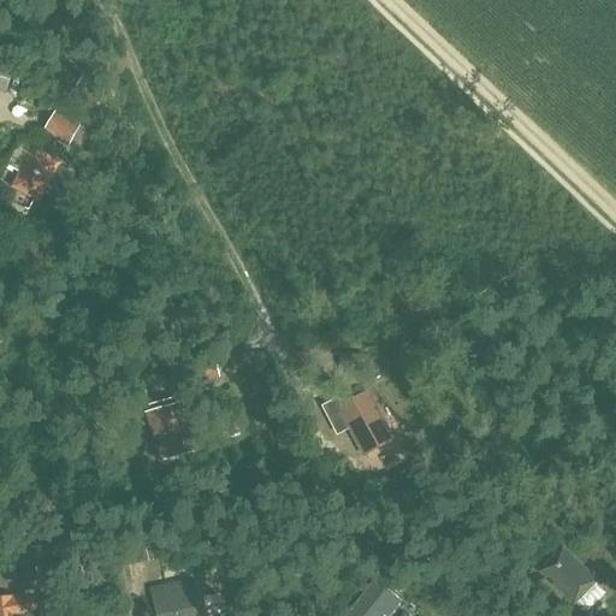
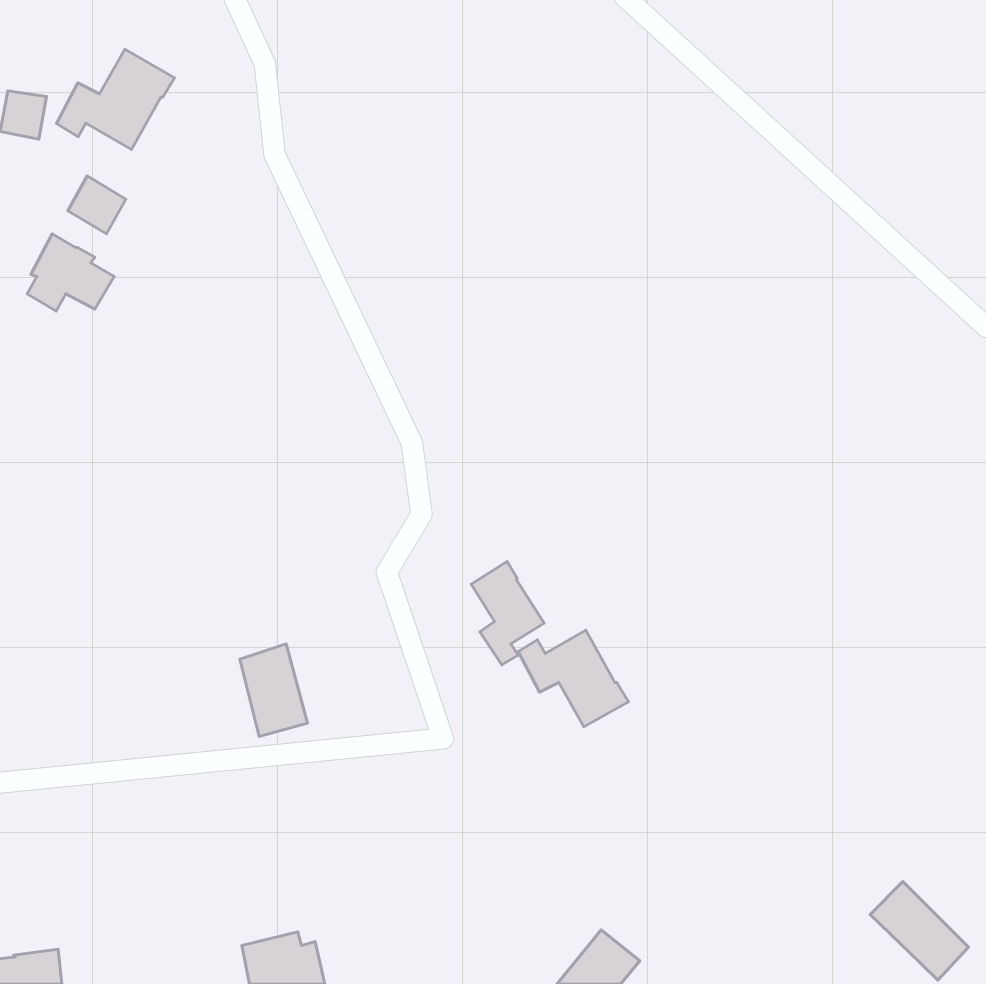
building: none -> [56,49,175,150]
building: none -> [471,561,544,665]

